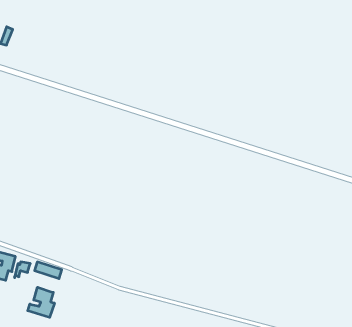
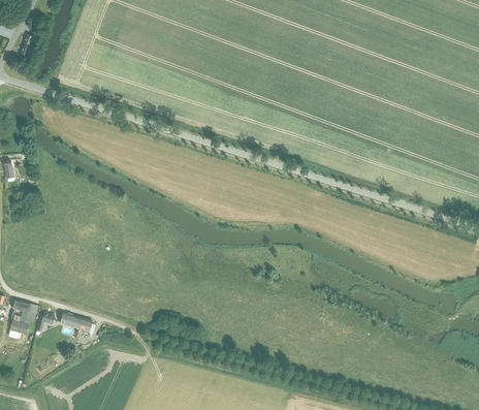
building: [28,287,54,317] -> none

